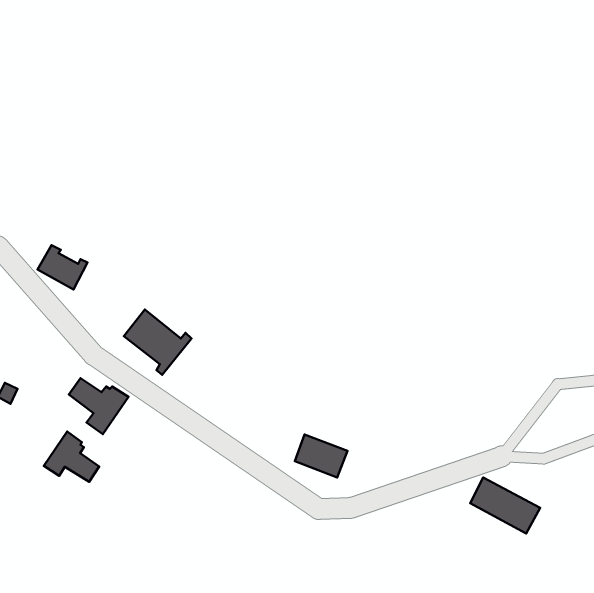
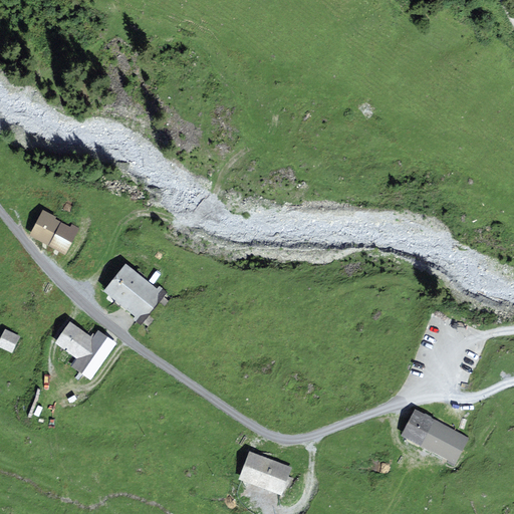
building: [44,432,99,482] -> none
building: [295,434,348,478] -> [241,452,286,489]

